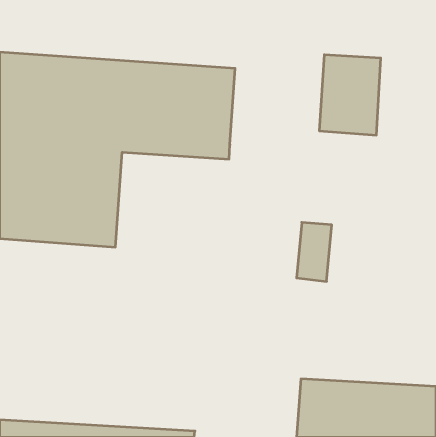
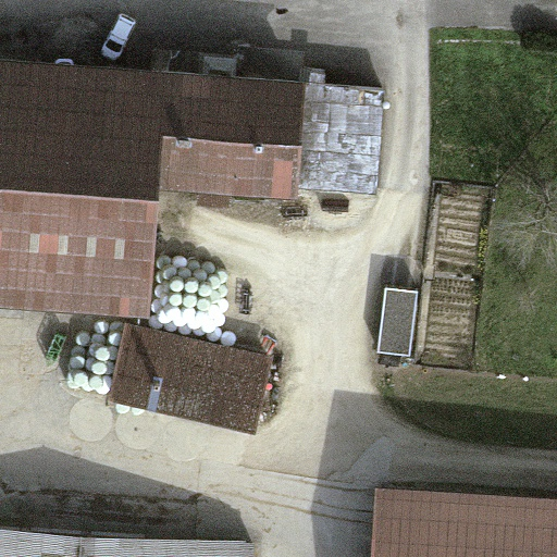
building: [319,55,381,135] -> [293,87,371,189]
building: none -> [112,327,271,432]

